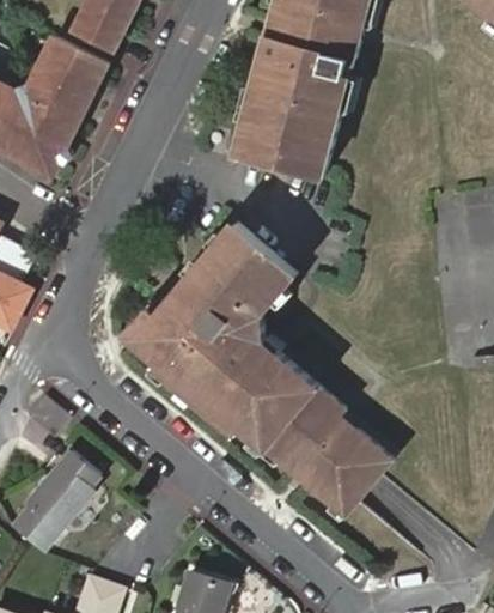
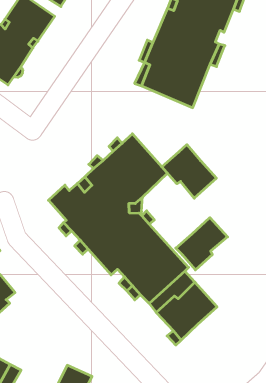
building: none -> [162,145,216,198]
building: none -> [176,218,228,270]

